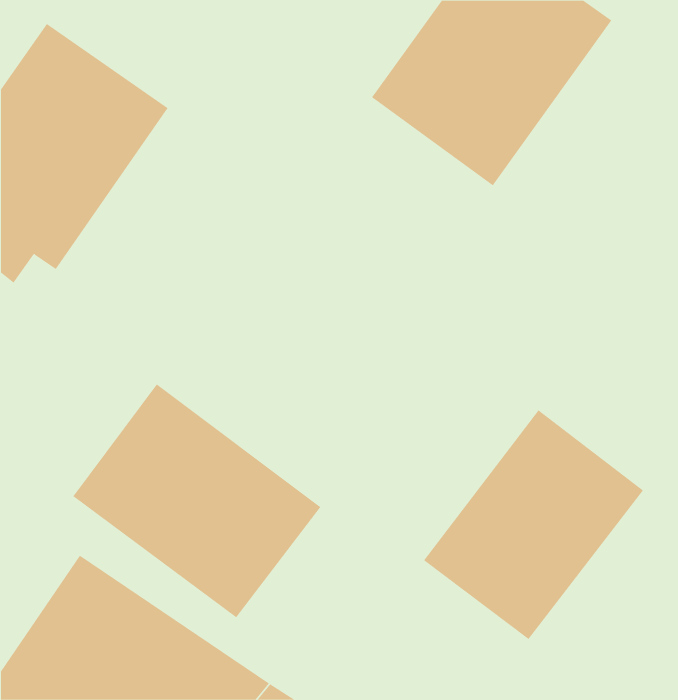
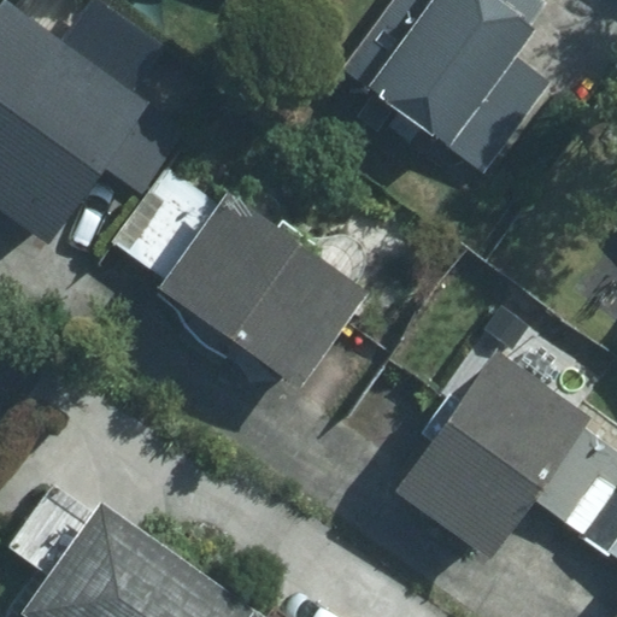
building: none -> [159,195,362,384]
building: [73,384,321,618] -> none

